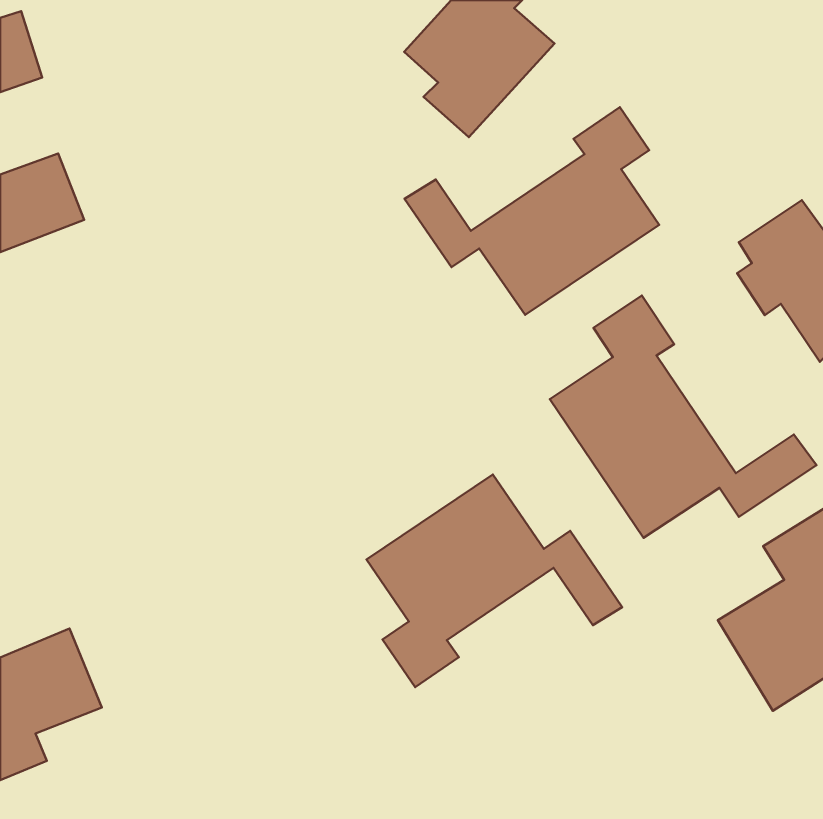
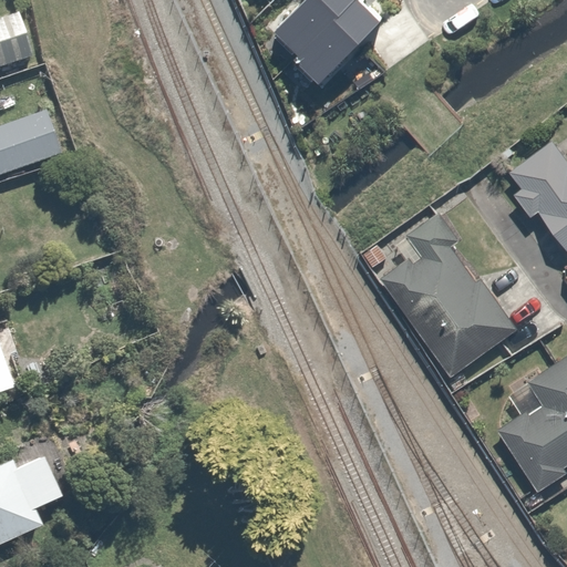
building: [405,107,659,315] -> none
building: [366,474,622,687] -> none

